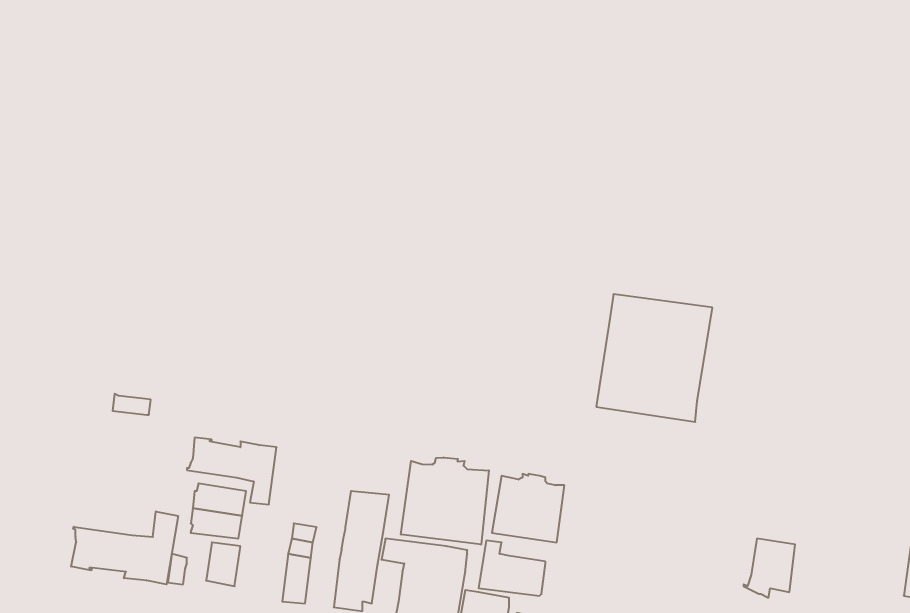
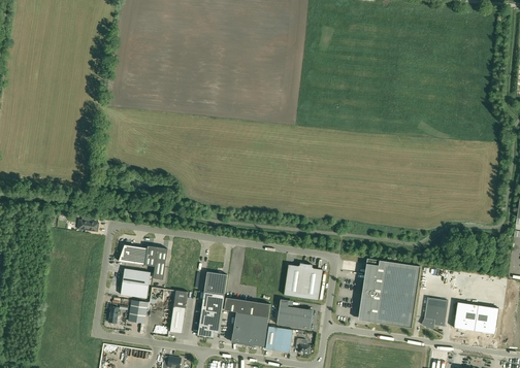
building: [596,294,712,422] -> [357,259,420,328]
building: [401,457,489,545] -> none
building: [71,511,178,584] -> none
building: none -> [453,302,498,334]

